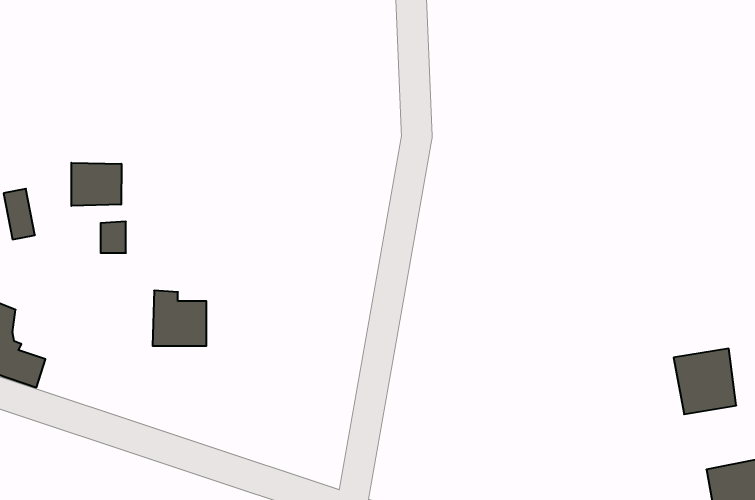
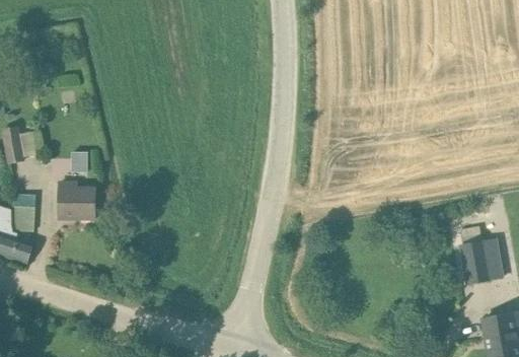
building: [71,163,121,206] -> none
building: none -> [12,194,36,232]
building: [153,291,206,346] -> [59,182,95,219]

